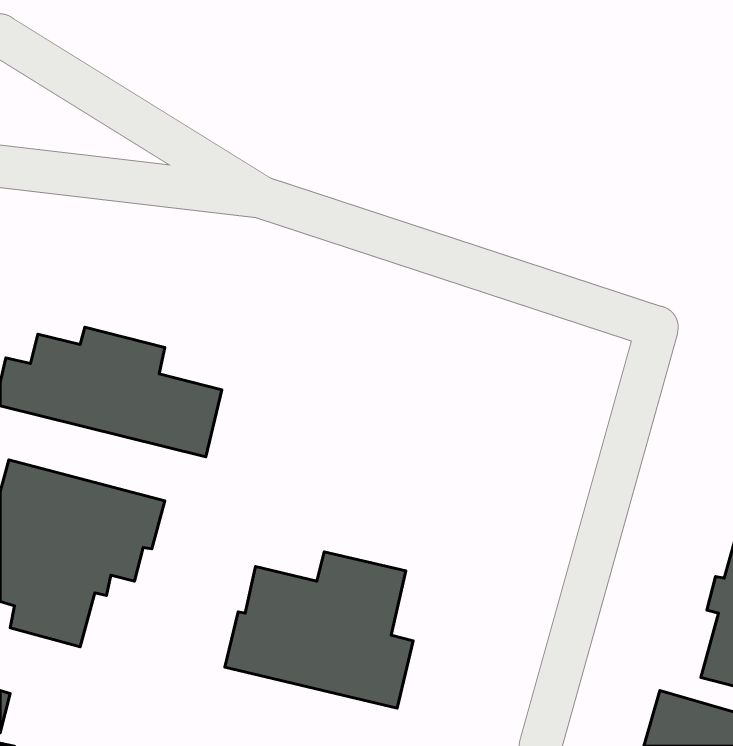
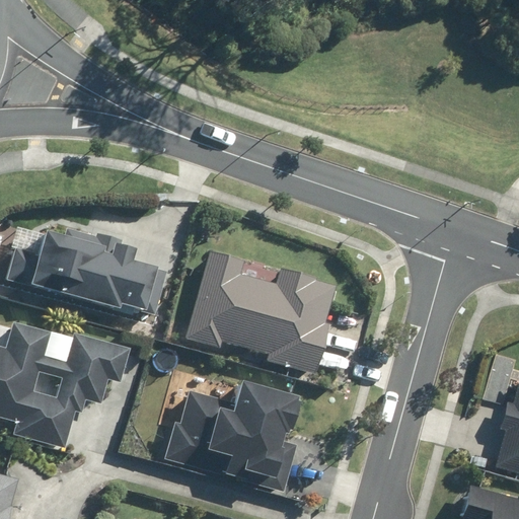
building: none -> [187,249,336,375]

